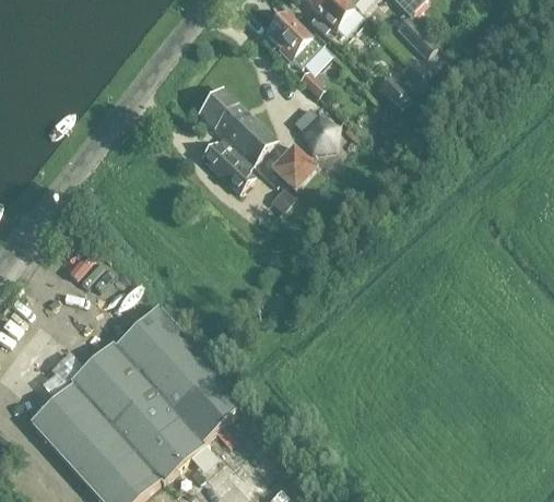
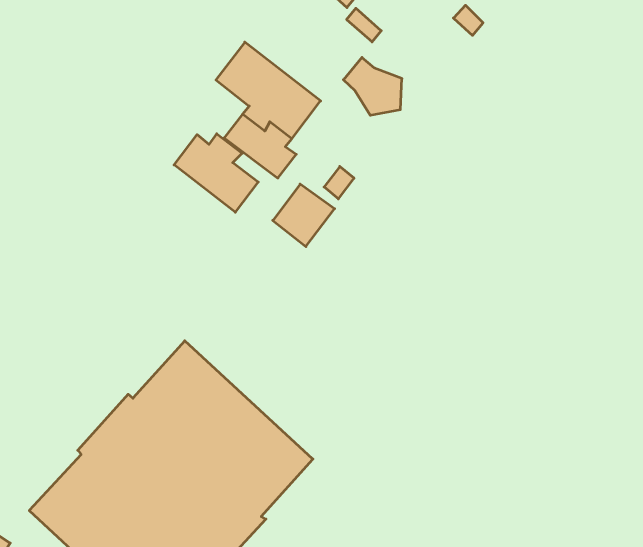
building: [270,143,317,190] -> [273,184,335,247]
building: none -> [174,134,258,212]

